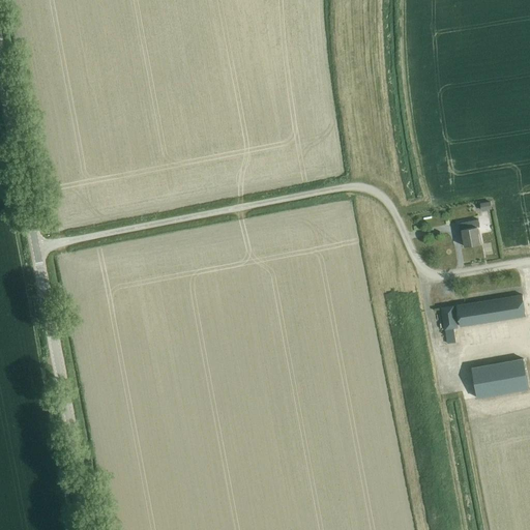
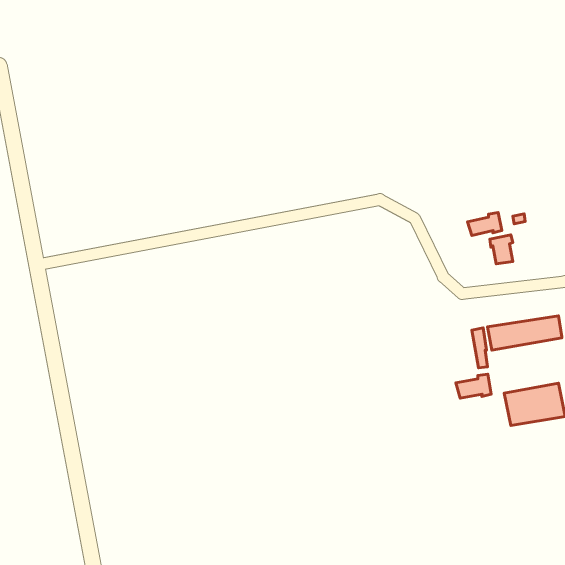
building: none -> [467,213,502,235]
building: none -> [456,374,491,398]

